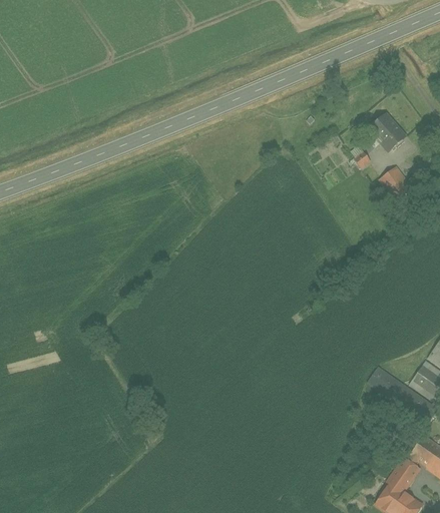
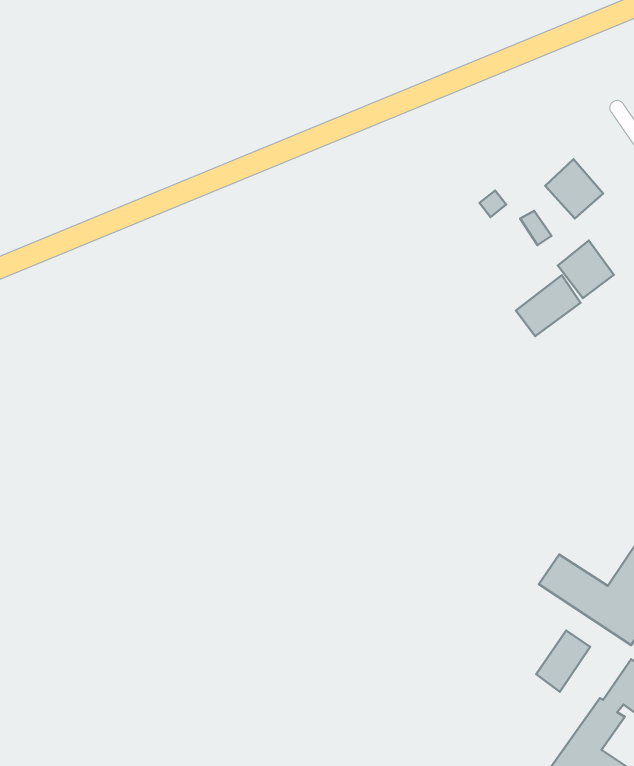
building: none -> [516,275,580,336]
building: none -> [536,631,590,692]

